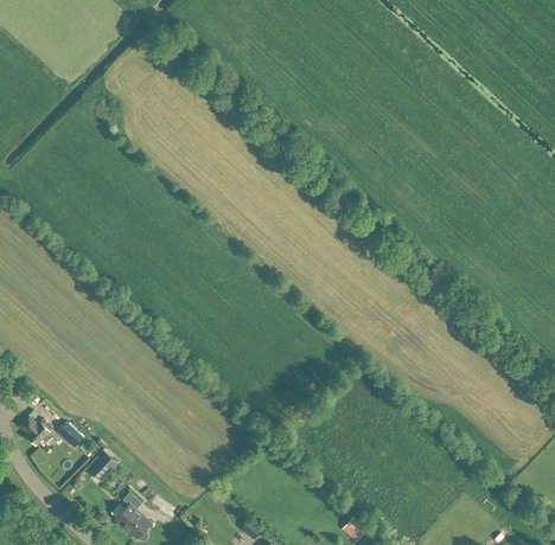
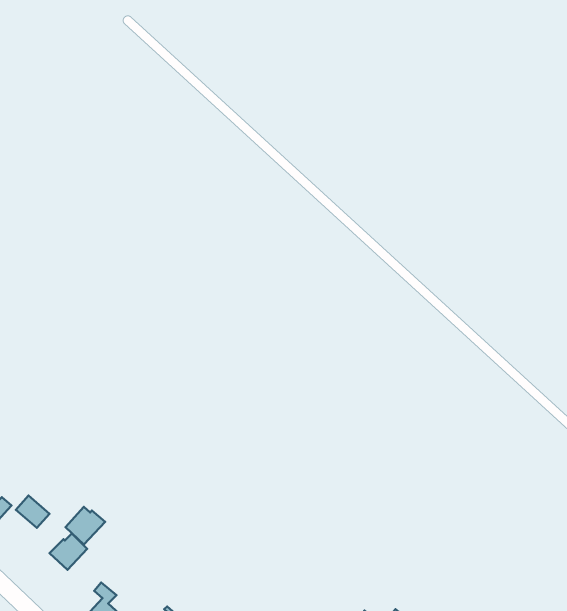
building: none -> [66,507,105,544]

